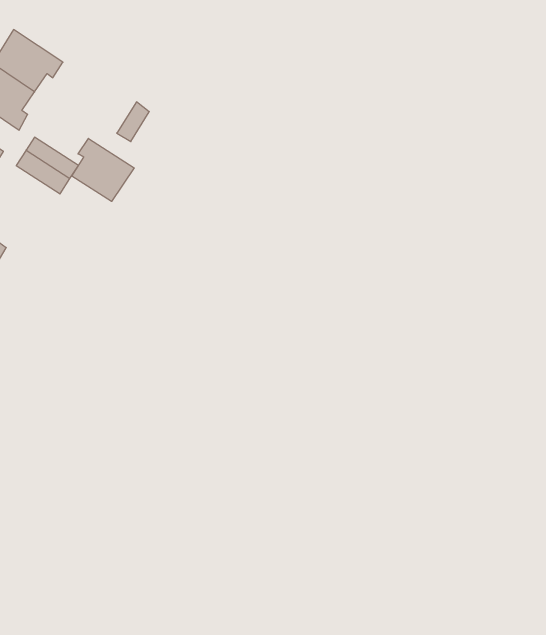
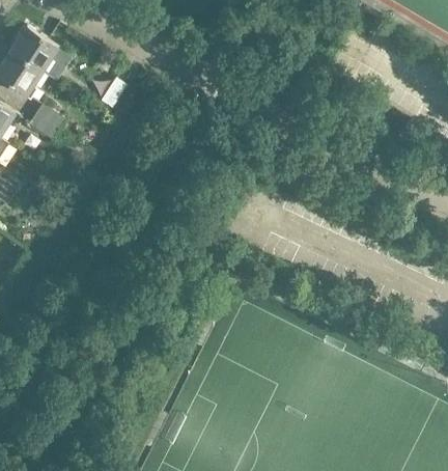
building: [72,138,134,201] -> none

